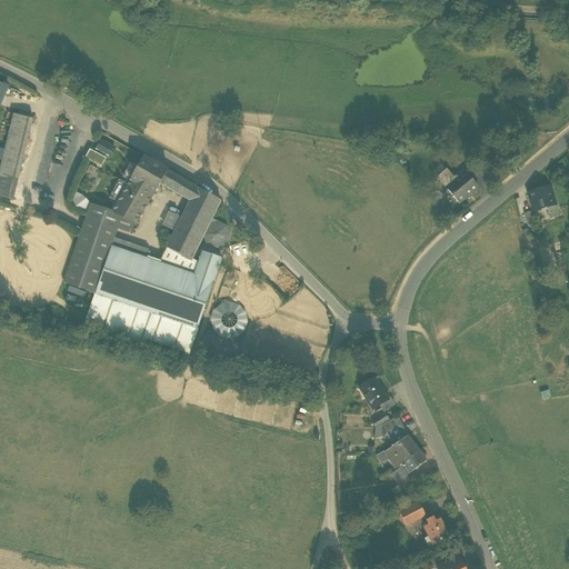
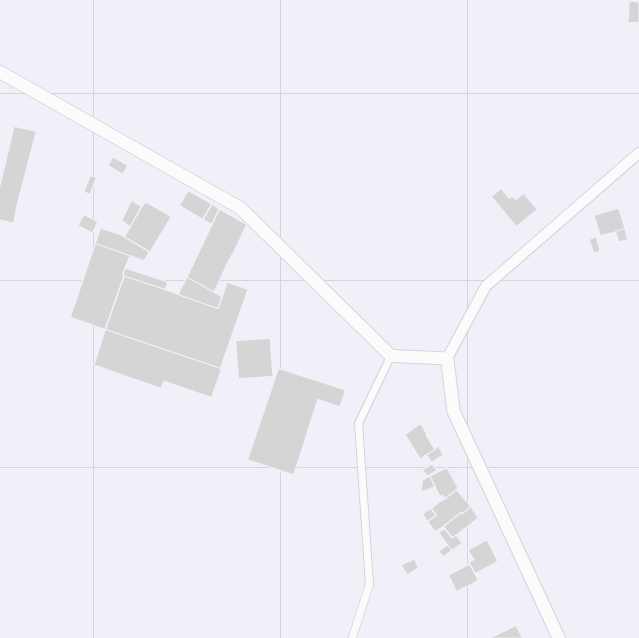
building: [129,156,167,192] -> none
building: [202,221,228,246] -> none
building: none -> [248,368,346,475]
building: [421,517,448,547] -> [468,540,498,574]

